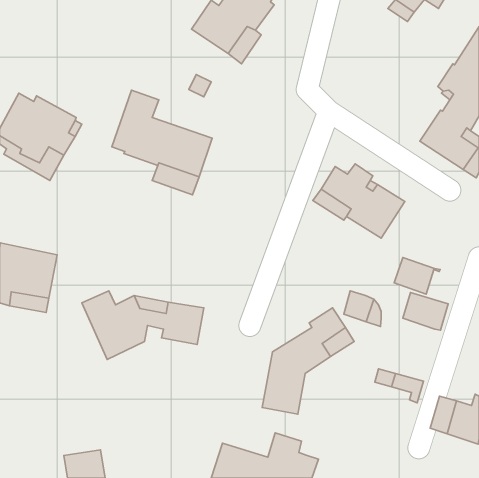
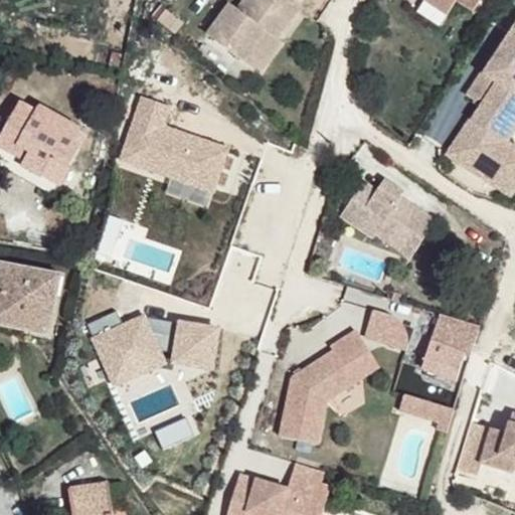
building: [394,257,440,294] -> [422,340,472,379]

